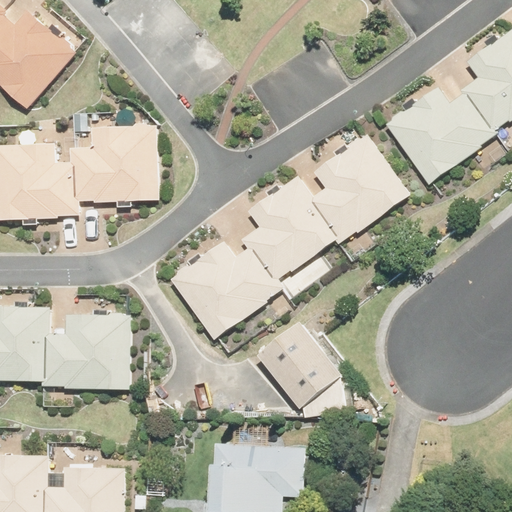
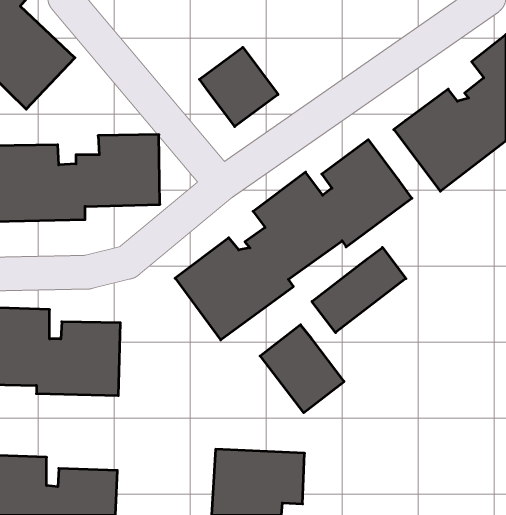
building: none -> [199,47,278,127]
building: none -> [312,247,406,333]

